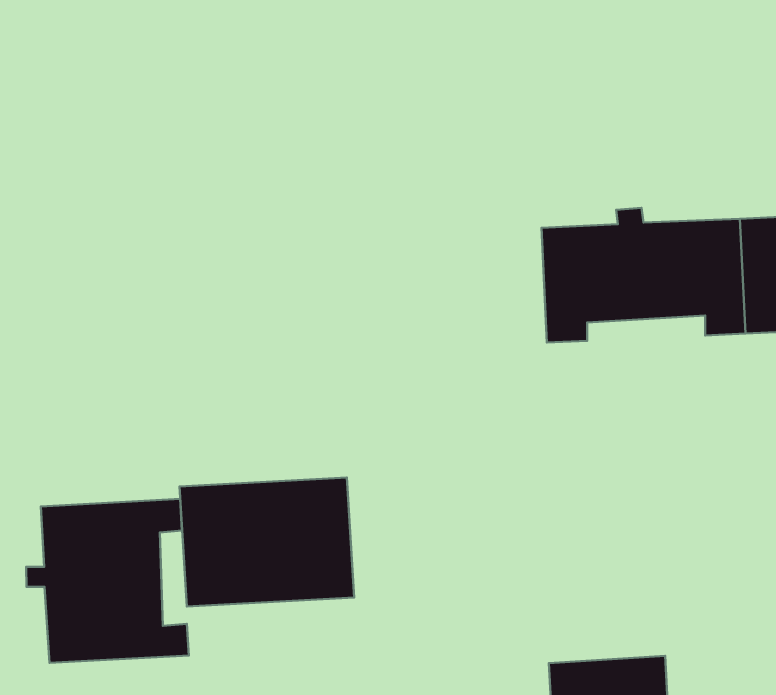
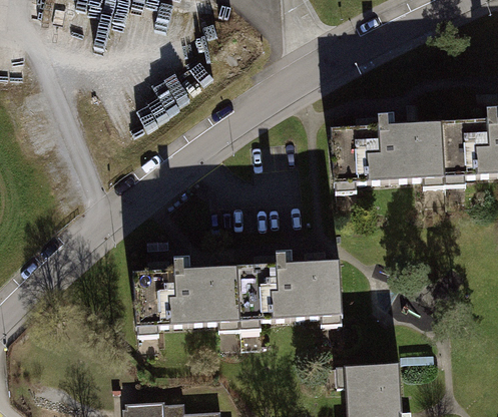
building: none -> [233,261,330,331]
building: [26,499,189,663] -> none

